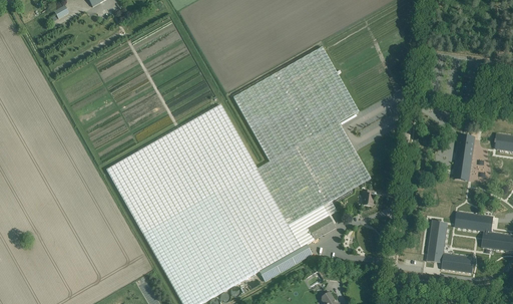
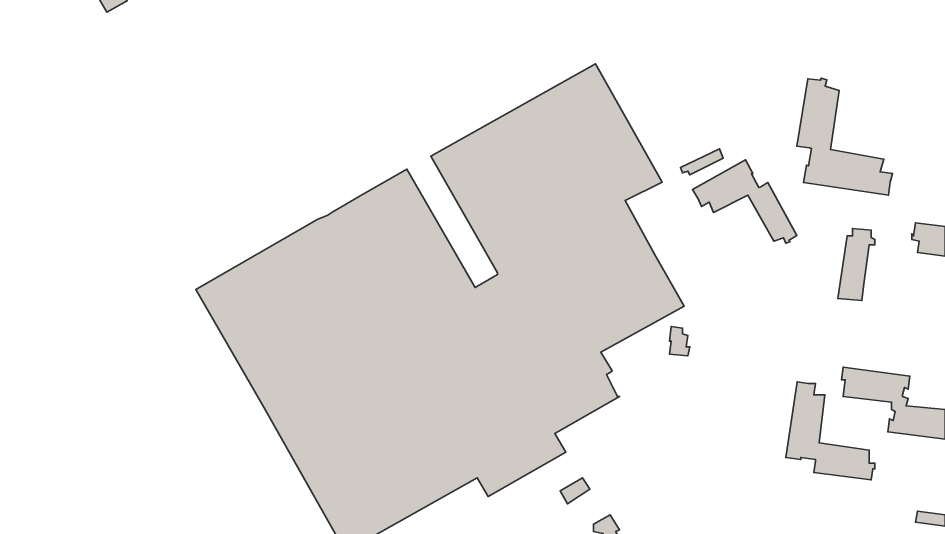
building: none -> [797,78,893,195]
building: none -> [693,160,797,243]

